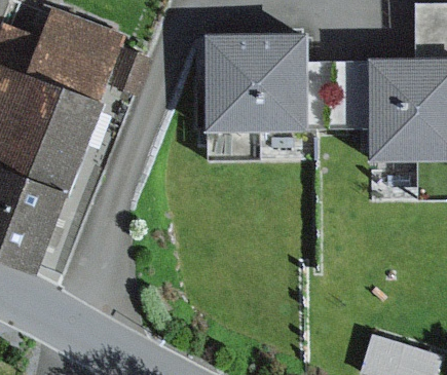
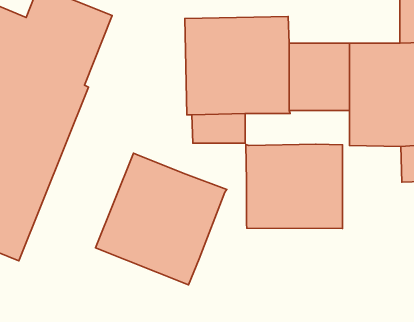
building: none -> [246,144,342,228]
building: none -> [95,153,227,285]

